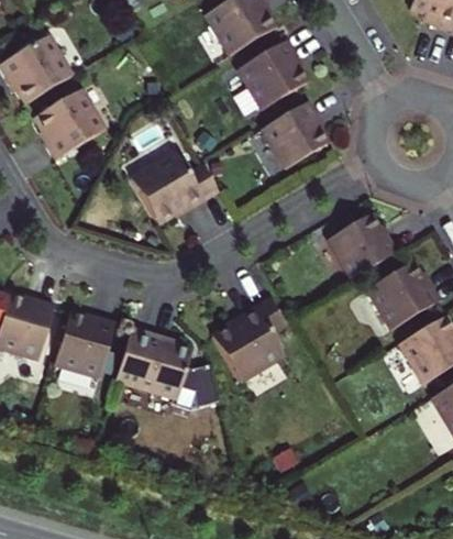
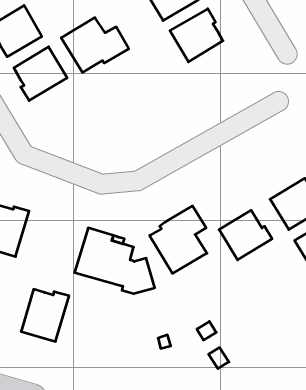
building: [262,100,328,168] -> none
building: [130,152,218,223] -> [61,18,129,72]
building: [328,213,397,278] -> [219,210,272,260]
building: [52,312,114,381] -> [21,289,69,341]

